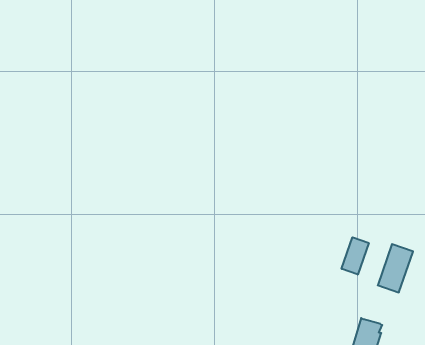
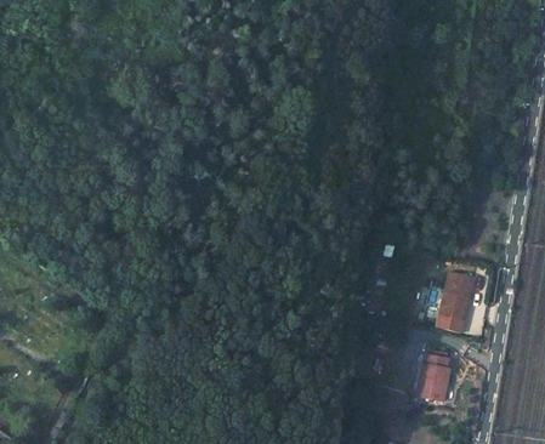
building: [342,237,369,275] -> none

